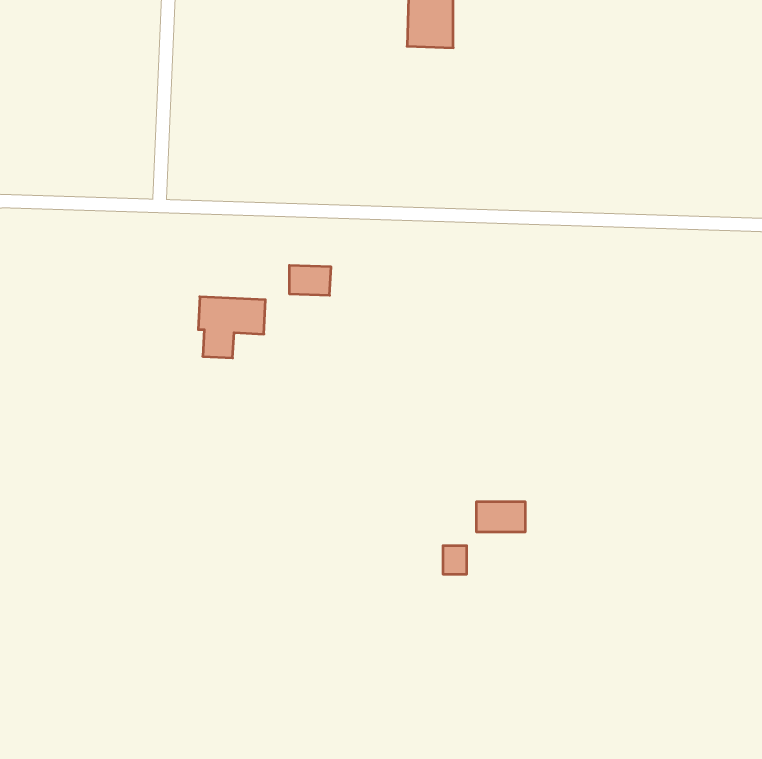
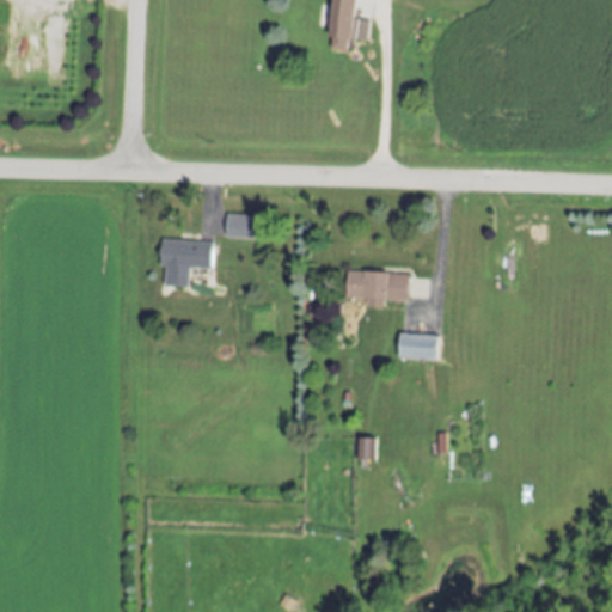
building: none -> [344,270,406,306]
building: [476,502,525,532] -> [397,335,436,359]

